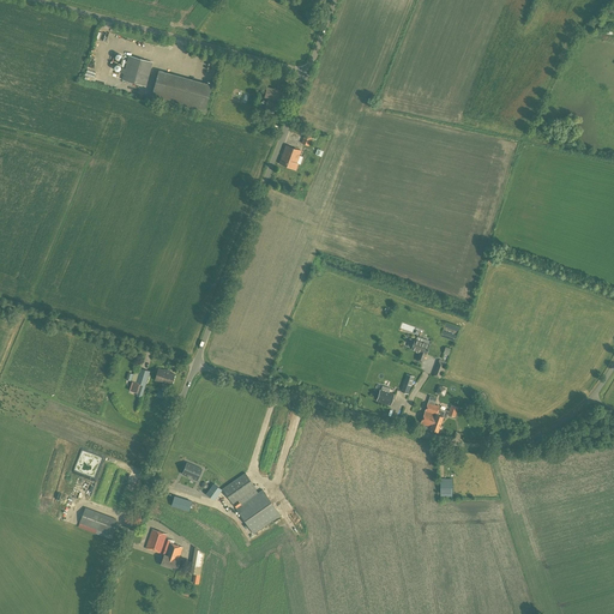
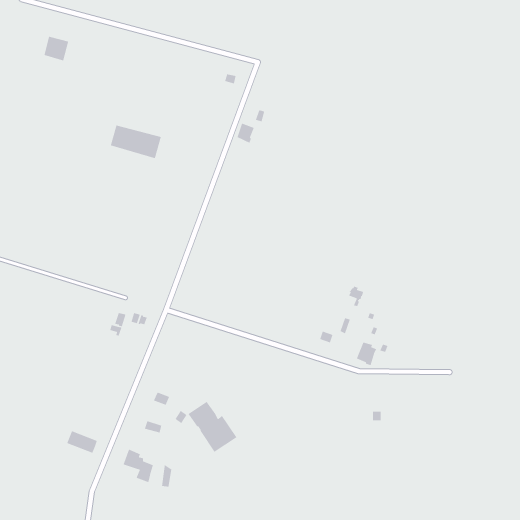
building: [121,55,151,85] -> [44,36,69,61]
building: [150,70,211,110] -> [110,124,162,159]

